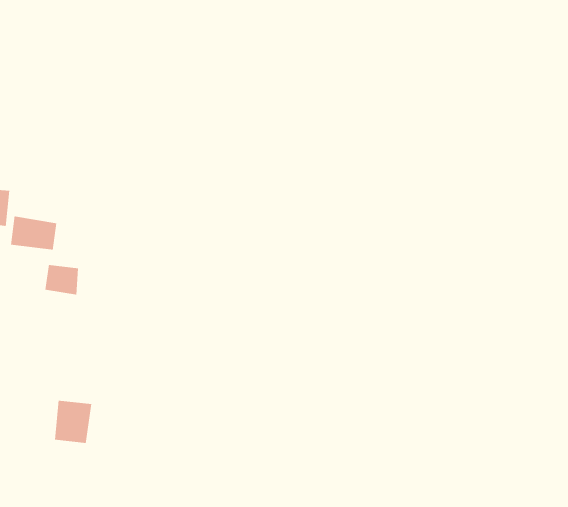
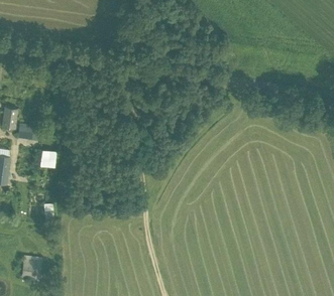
building: [54,400,92,443] -> [21,256,42,280]

